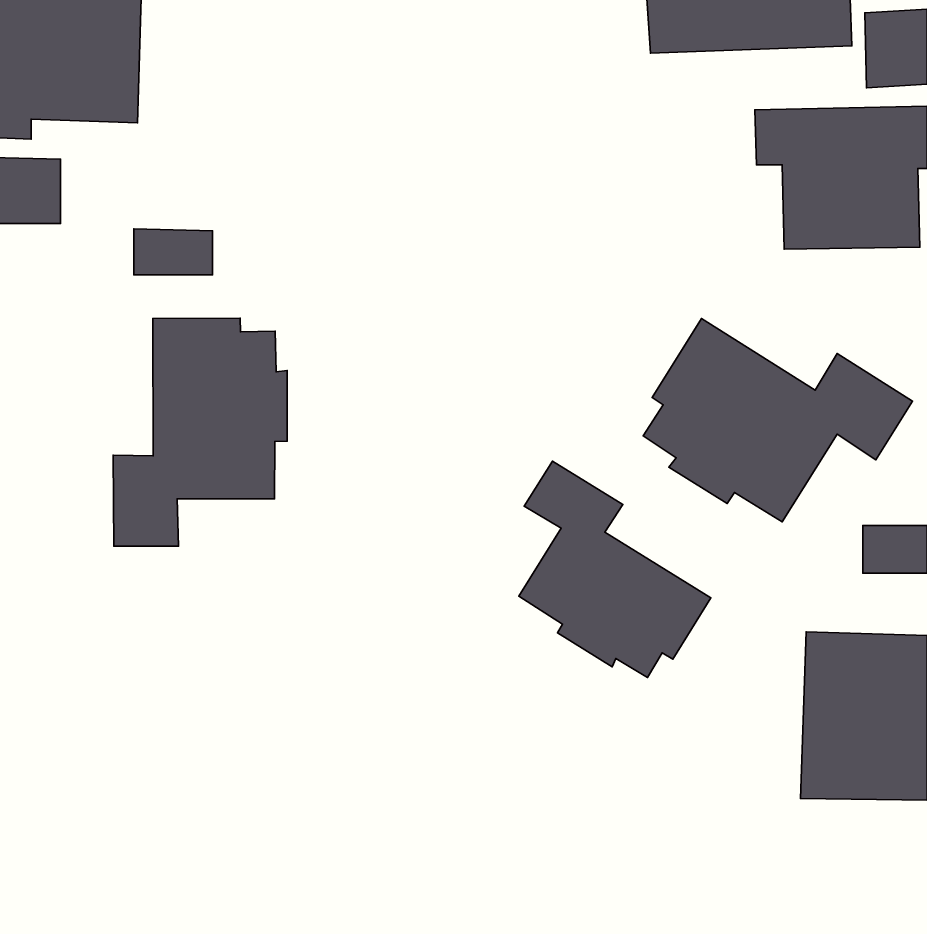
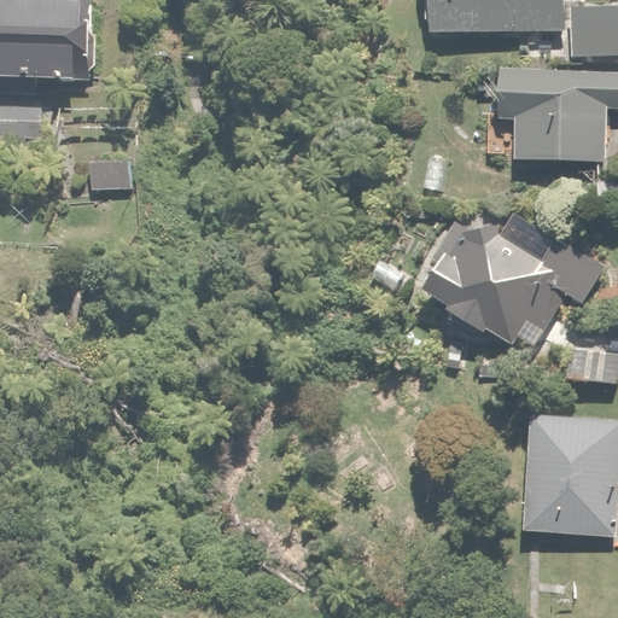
building: [113,318,287,546] -> none
building: [519,461,711,677] -> none

